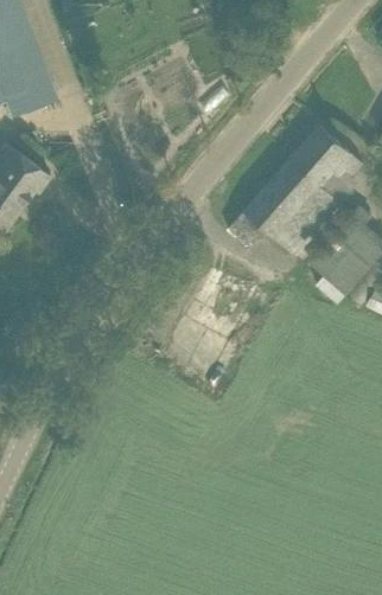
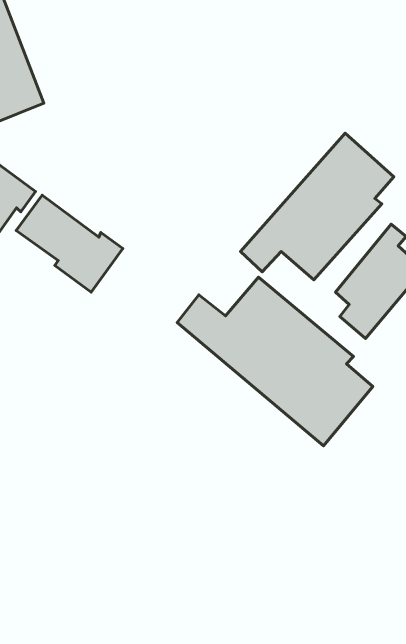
building: none -> [16,195,123,292]
building: none -> [177,277,373,446]

